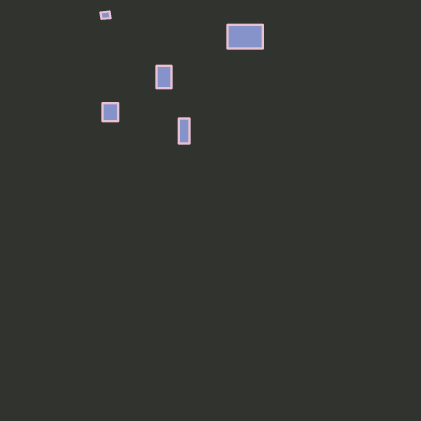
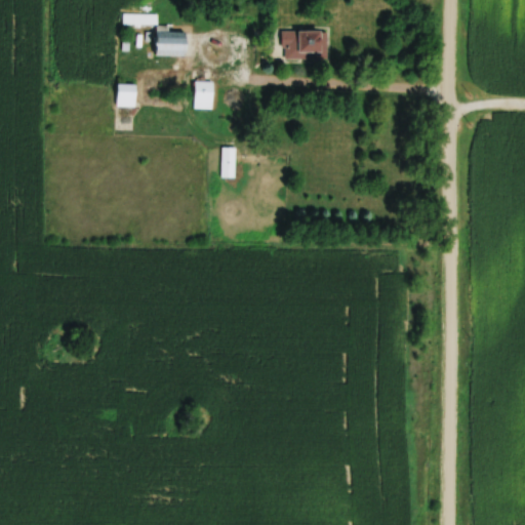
building: none -> [156,31,186,55]
building: [103,103,118,121] -> [117,84,136,107]

